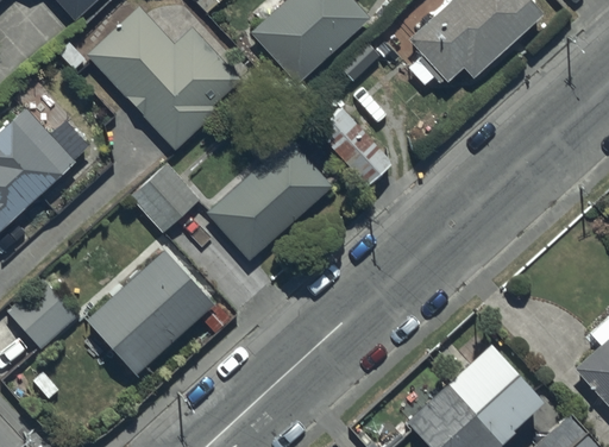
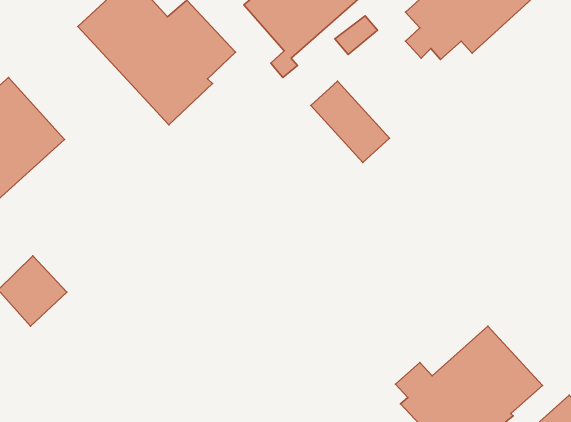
building: [206,137,334,262] -> none
building: [131,160,200,231] -> none
building: [84,251,213,385] -> none

